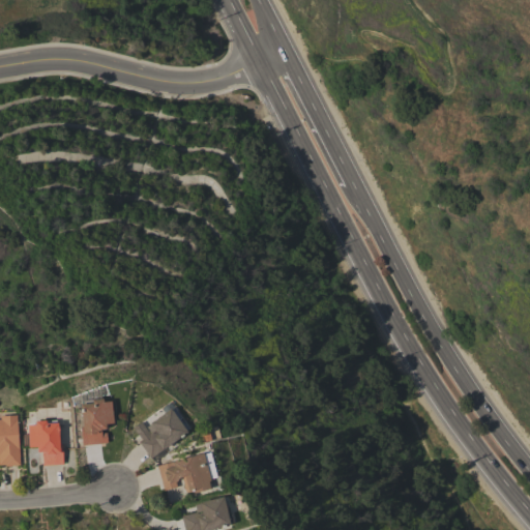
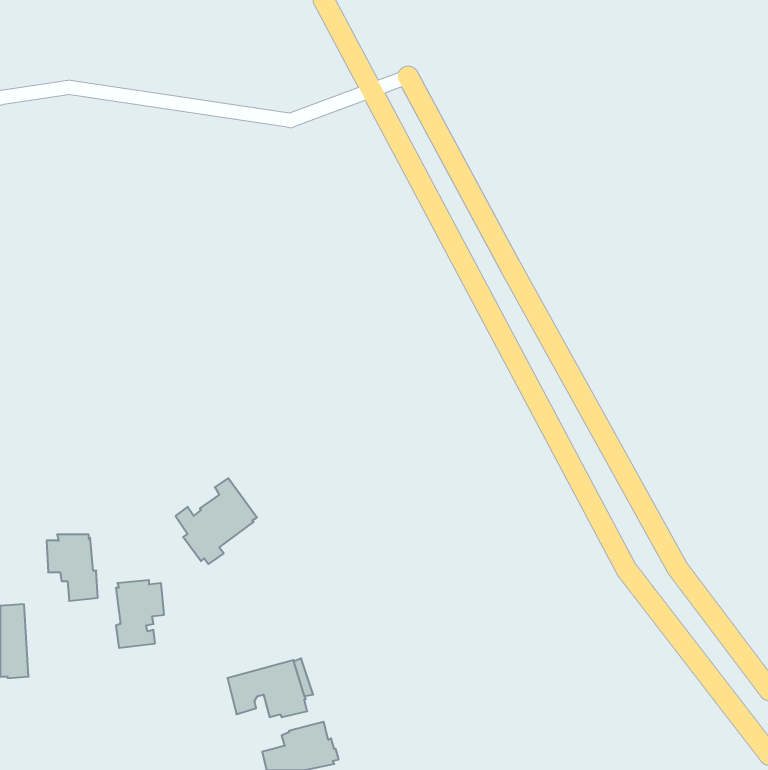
building: [134,402,189,461] -> [176,478,257,564]
building: [28,420,63,466] -> [47,535,98,601]

